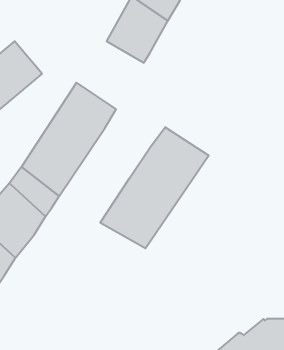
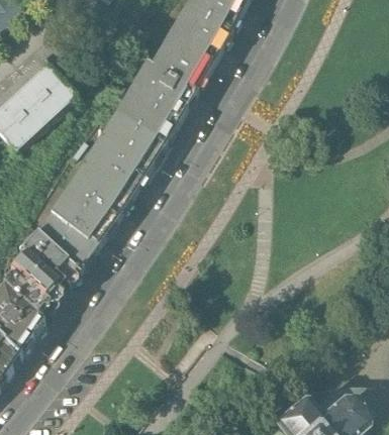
building: none -> [115,62,194,144]
building: [100,127,209,248] -> none

